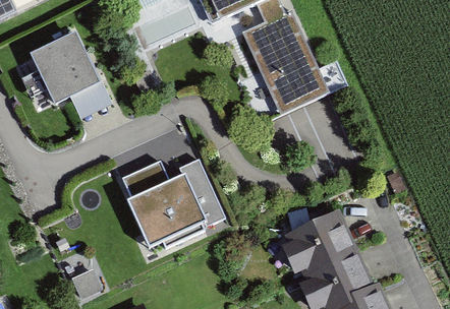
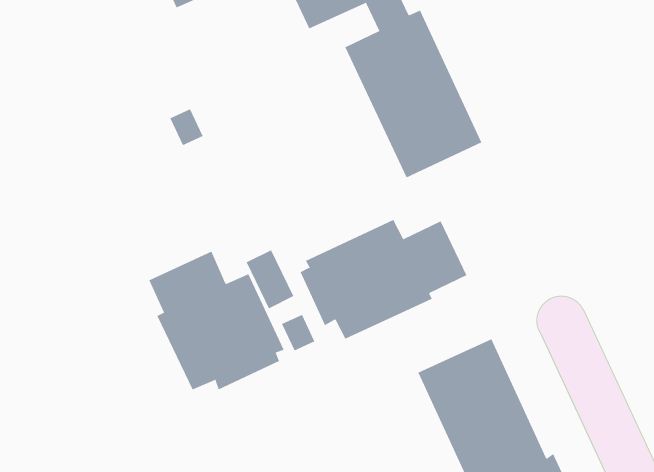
building: [33,29,97,103] -> none
building: none -> [300,219,467,339]

